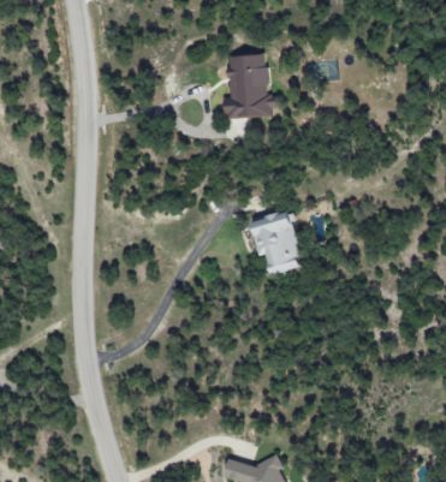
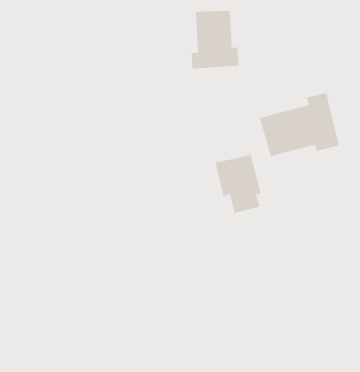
building: none -> [259,92,340,157]

